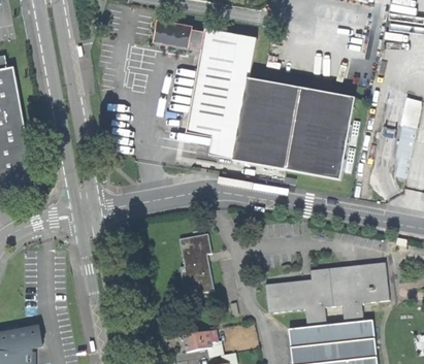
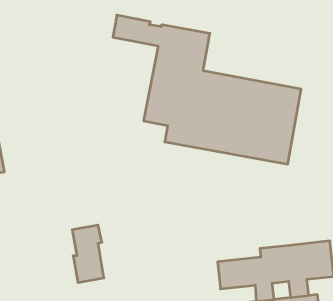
building: [180,233,214,295] -> [72,225,104,283]

